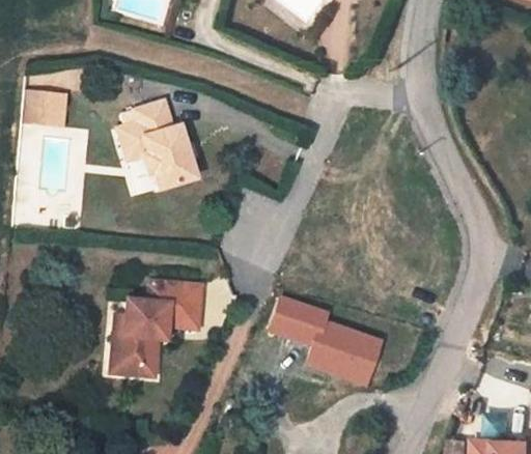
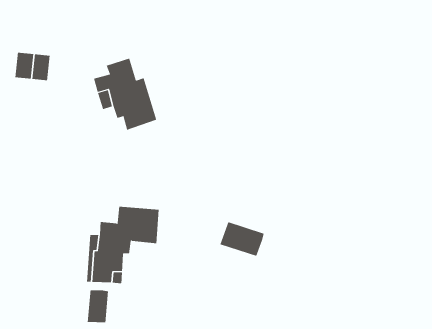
building: [309,322,381,384] -> none
building: none -> [87,289,108,323]

